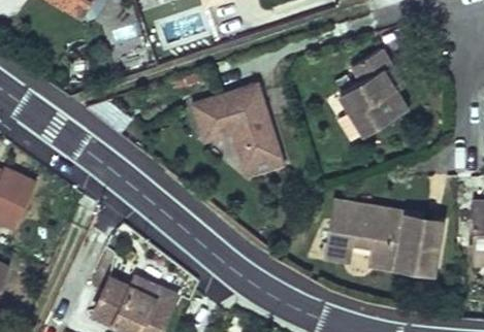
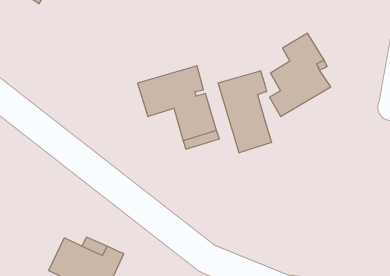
building: none -> [218,71,272,153]
building: [325,204,443,276] -> none

